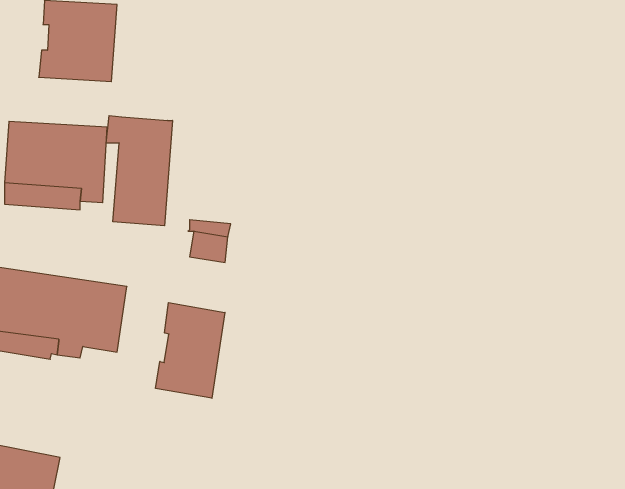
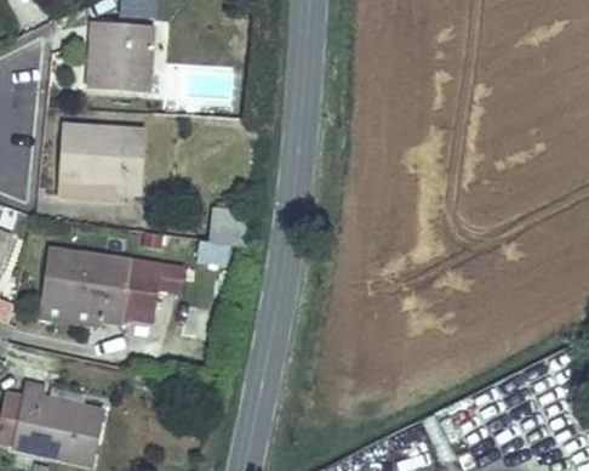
building: [106,116,172,226] -> none
building: [156,303,225,398] -> none

